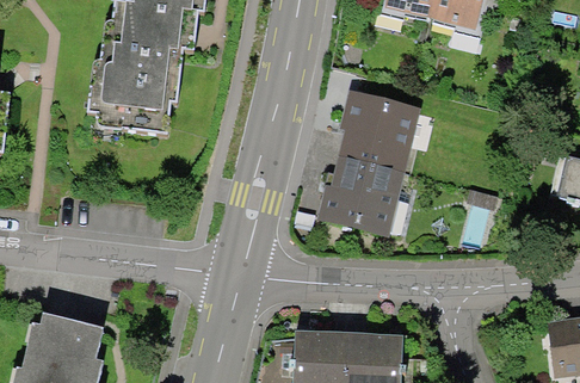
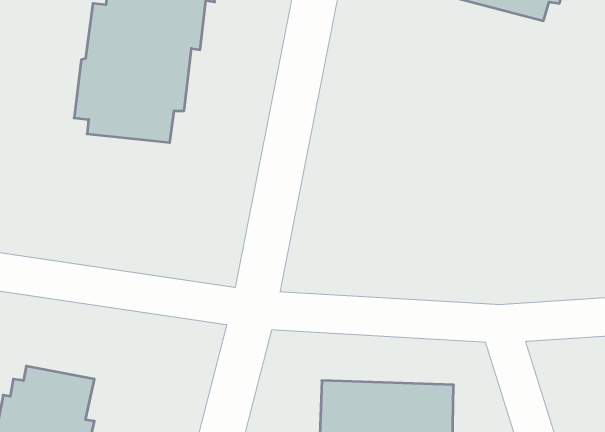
building: [314,89,419,239] -> none

